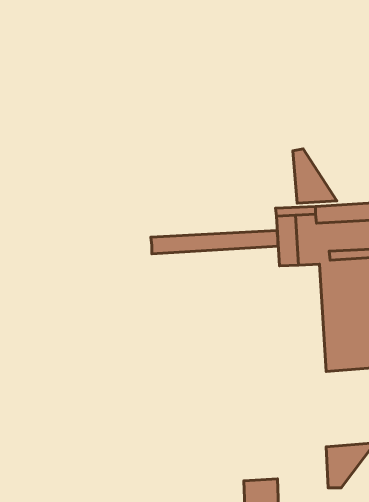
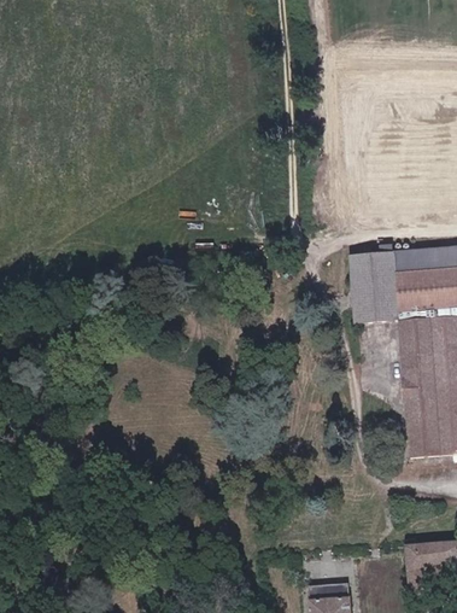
building: [293,149,337,203] -> none
building: [151,230,278,254] -> none

